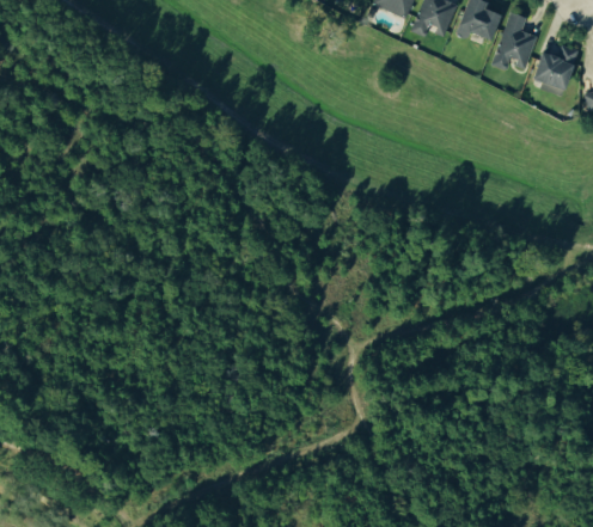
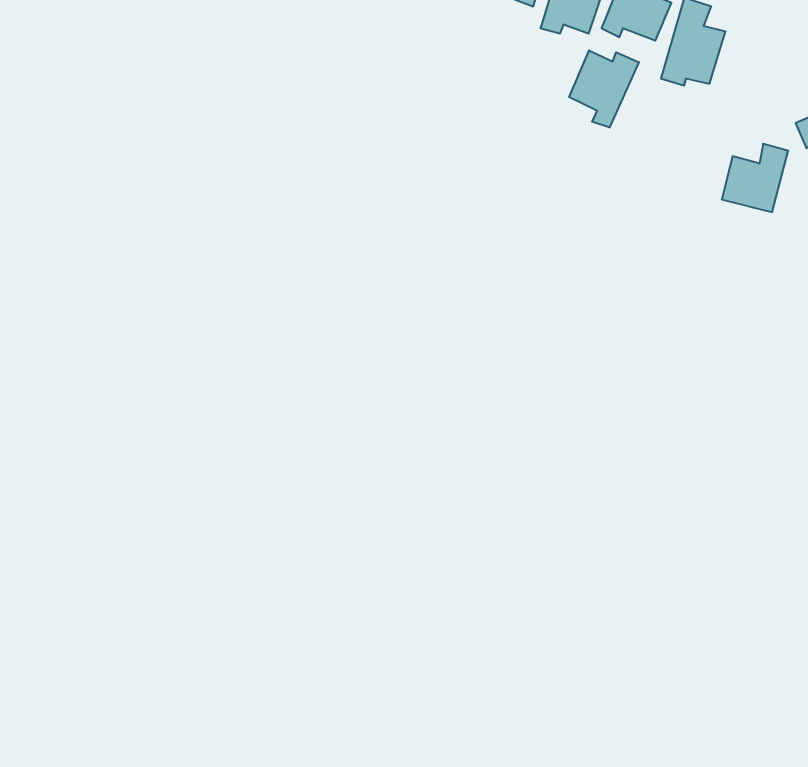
building: [533,43,577,88] -> [722,144,788,212]
building: none -> [569,50,639,128]

